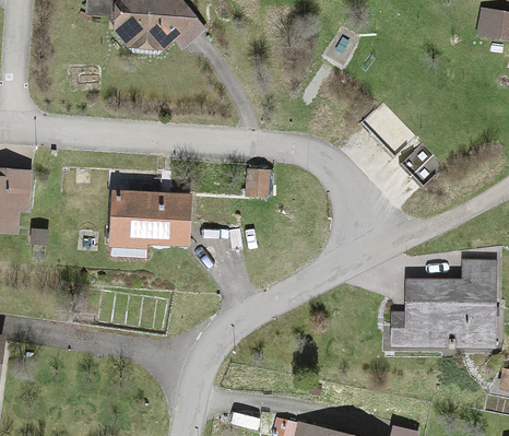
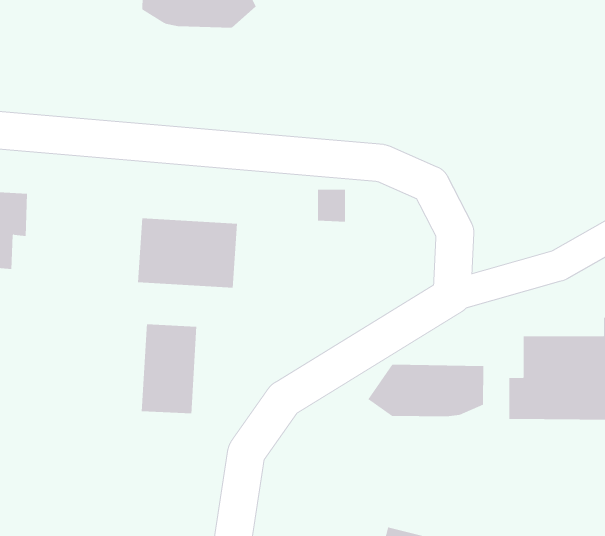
building: none -> [141,324,197,414]
building: none -> [367,364,484,417]

